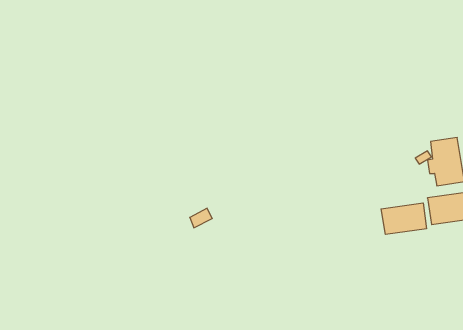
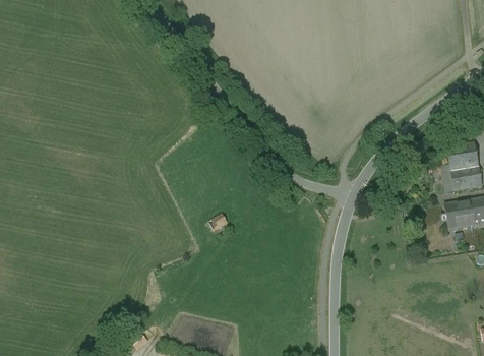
building: [381,203,426,234] -> none

